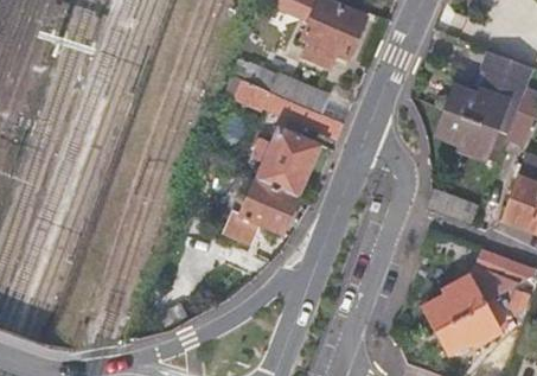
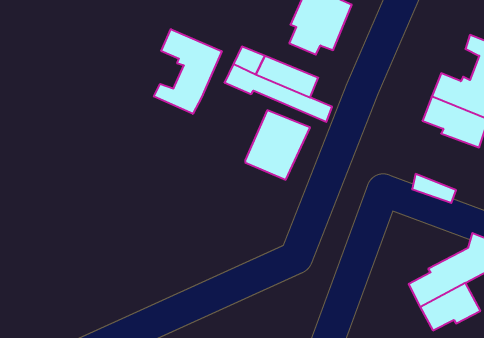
building: none -> [154,29,222,114]
building: [241,179,298,231] -> none

